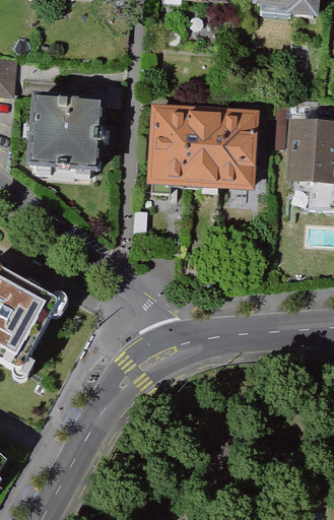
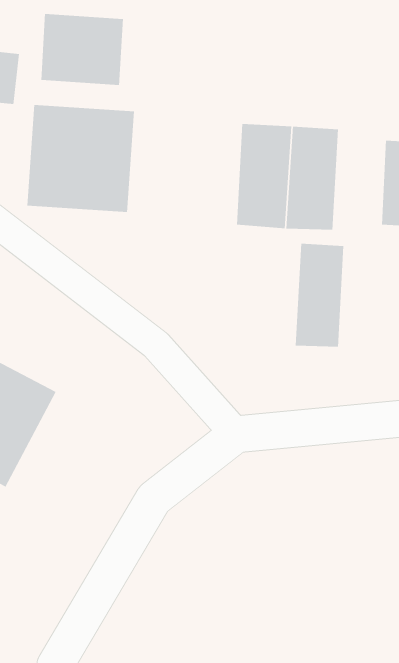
building: none -> [41,13,123,86]
building: [147,105,184,182] -> [295,243,344,347]

